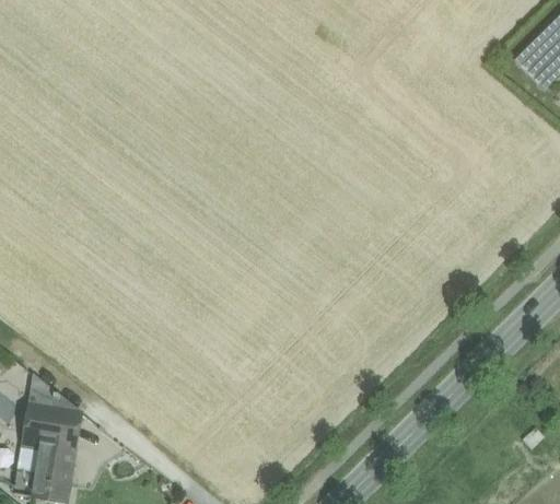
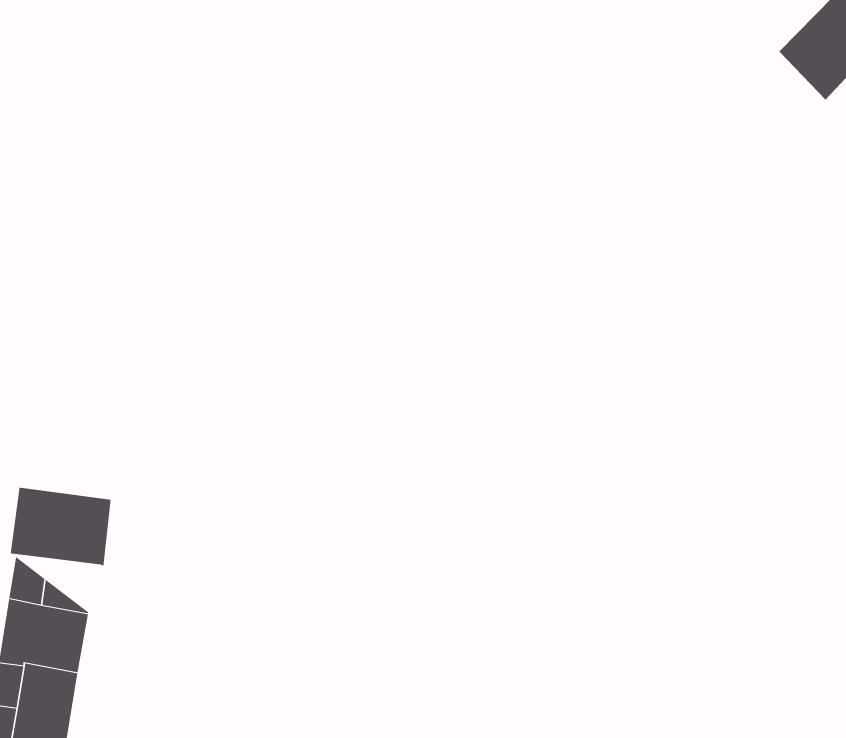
building: none -> [10,487,111,566]

